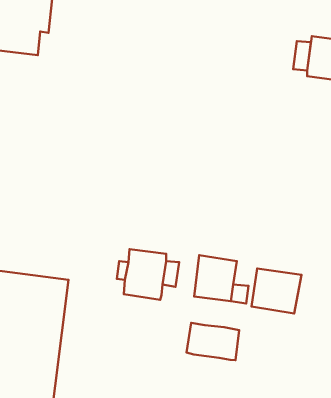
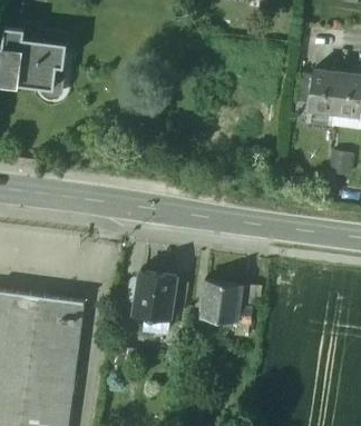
building: [252,269,301,313] -> none
building: [186,323,239,360] -> none

